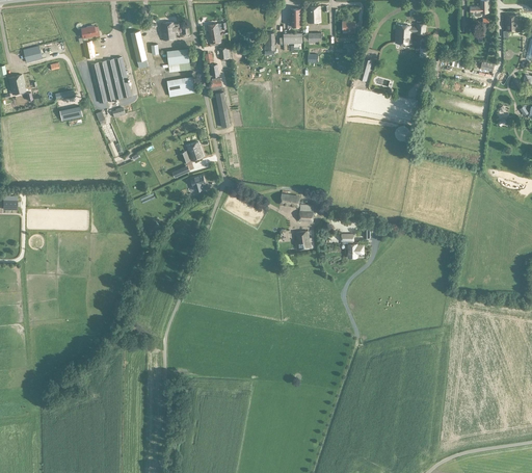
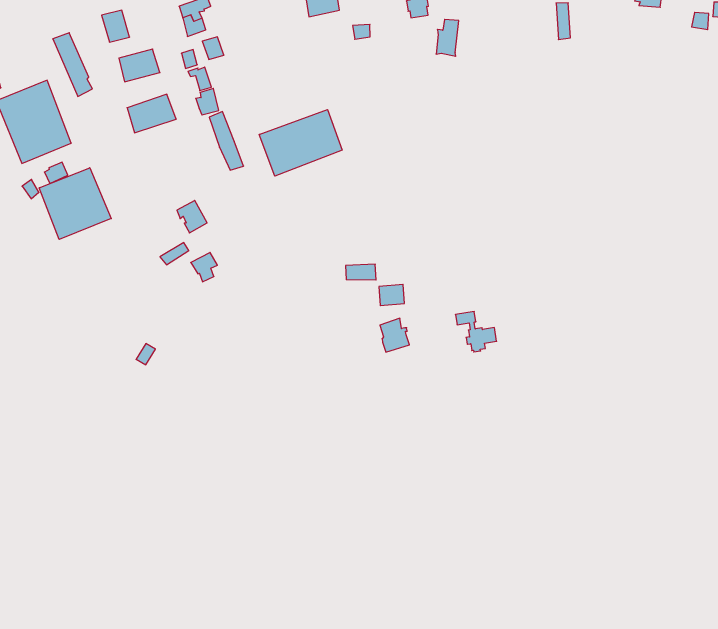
building: none -> [259,110,342,176]
building: none -> [39,168,111,239]

